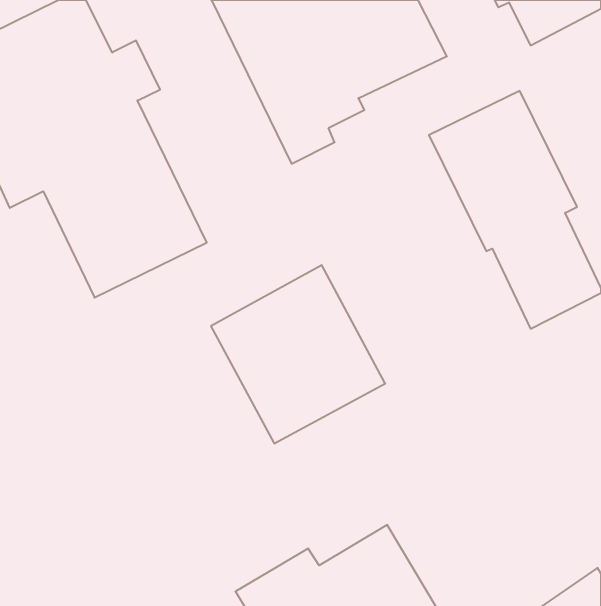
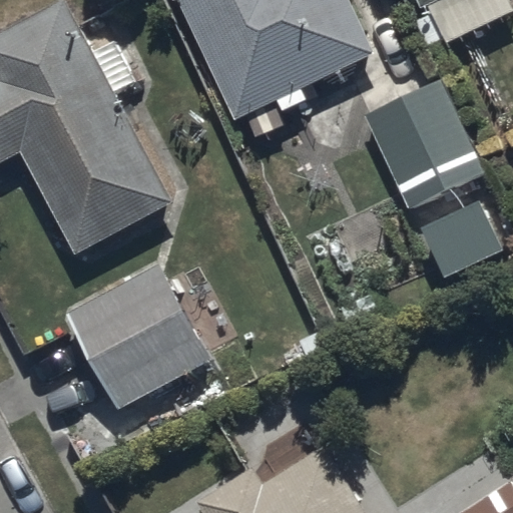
building: [211,265,385,443] -> [63,260,209,409]

